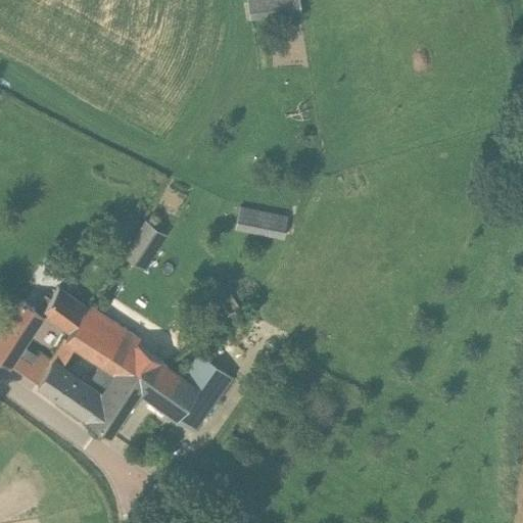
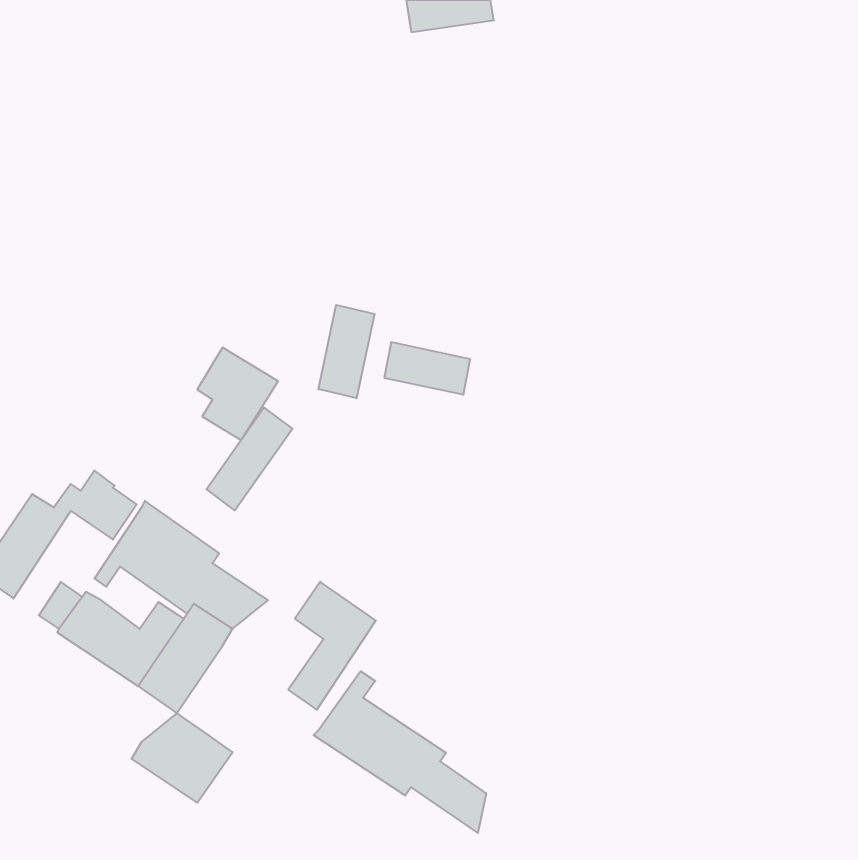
building: none -> [318,305,375,398]
building: none -> [206,408,292,510]
building: [135,365,196,419] -> [131,713,233,803]
building: none -> [314,671,486,833]

